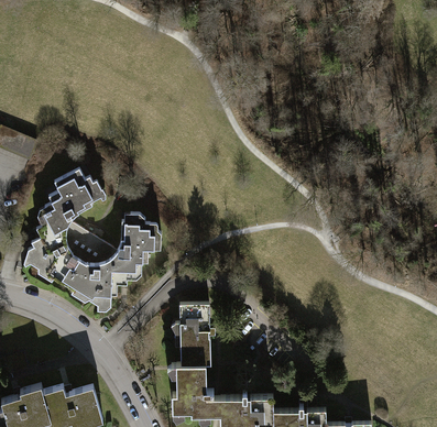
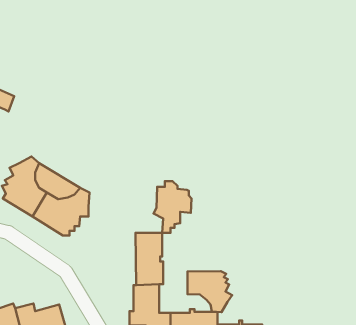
building: [41,173,99,226] -> none
building: [116,217,160,276] -> [153,181,192,233]
building: none -> [188,271,232,312]

